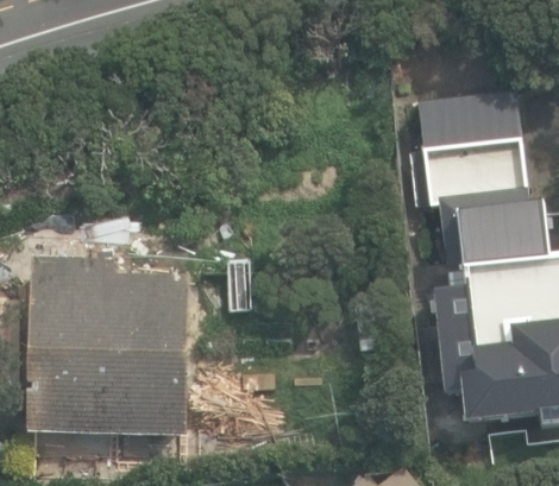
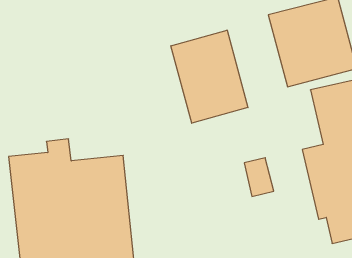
building: none -> [171,30,248,123]

